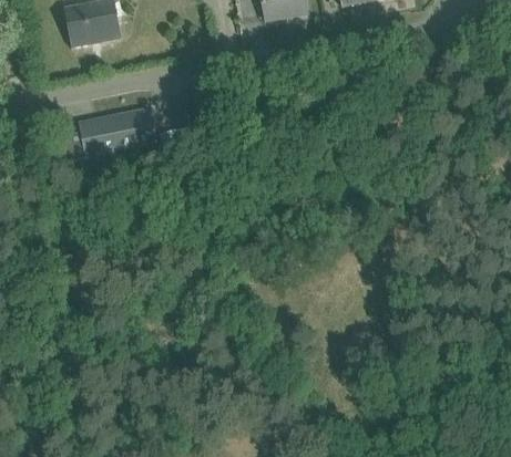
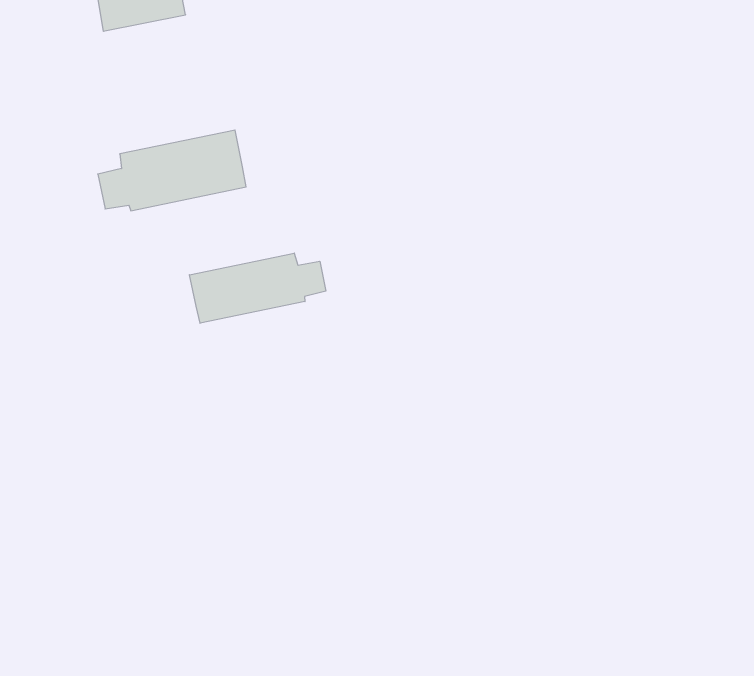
building: none -> [189,253,326,323]

